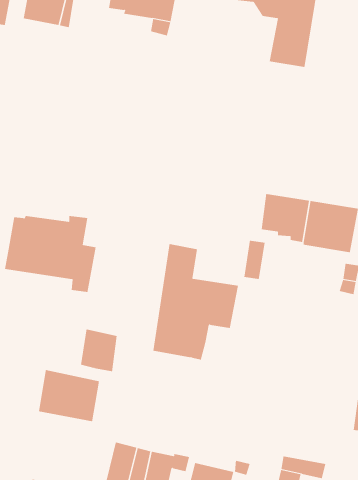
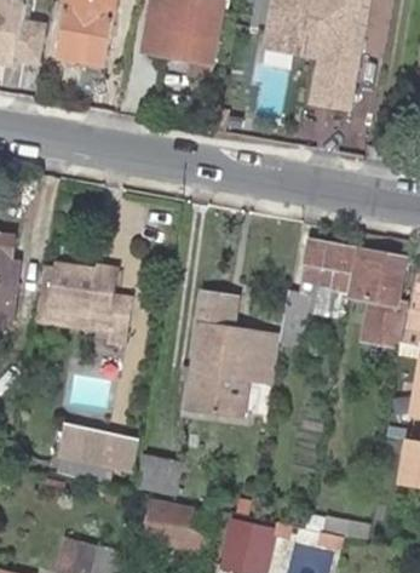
building: [80,329,117,372] -> [132,449,171,494]

